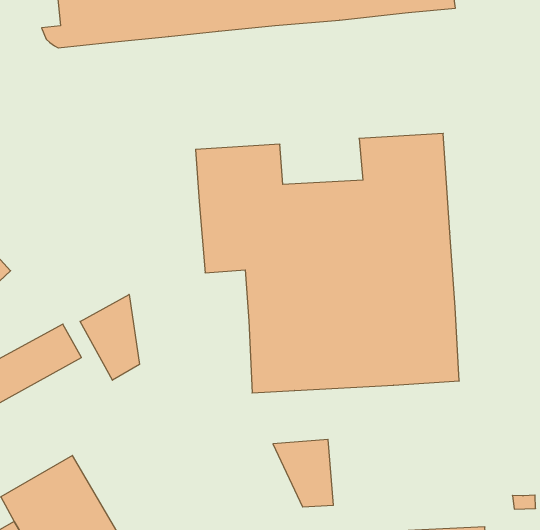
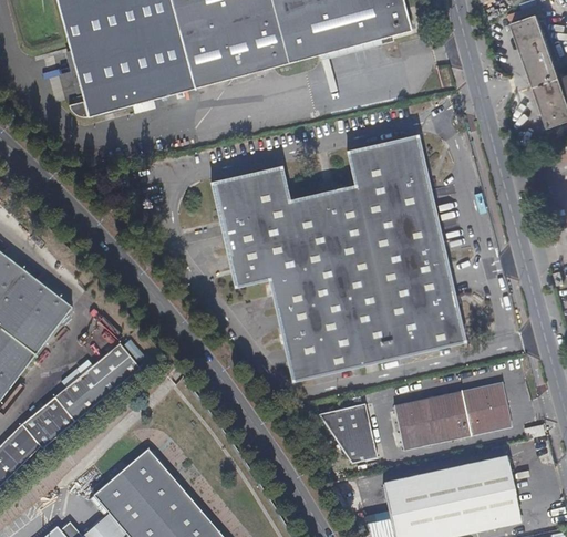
building: [80,294,139,380] -> none
building: none -> [393,384,509,452]

